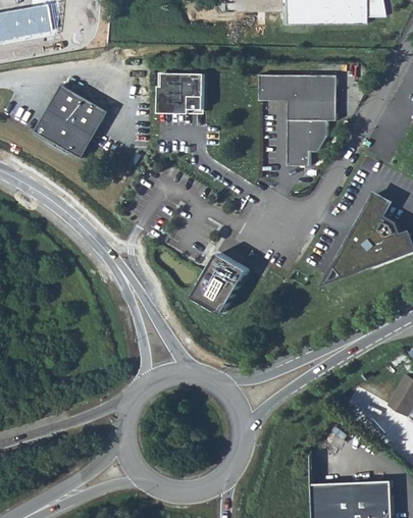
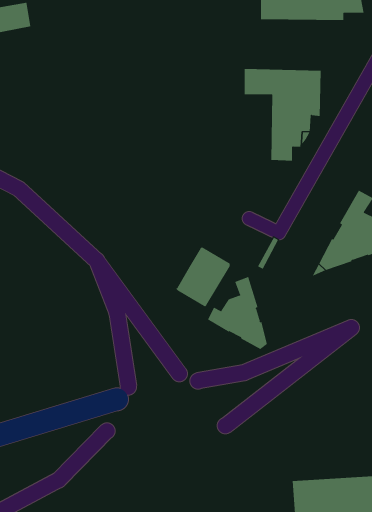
building: [158,70,205,110] -> none
building: [35,84,108,157] -> none
building: none -> [207,276,268,350]

